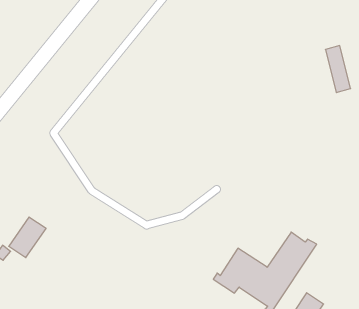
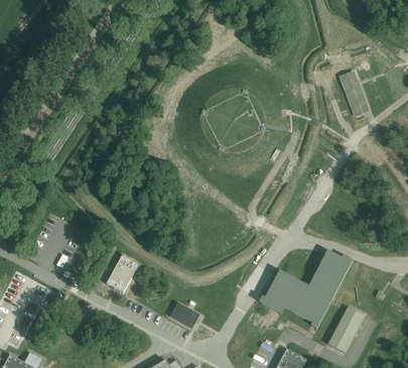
building: [9,217,46,258] -> [105,254,138,292]
building: none -> [169,302,197,328]

